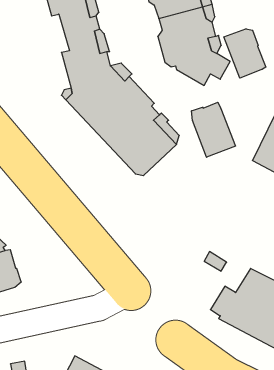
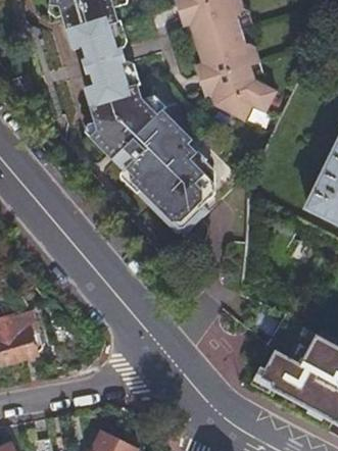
building: [224,29,266,78] -> none
building: [192,102,235,157] -> none

